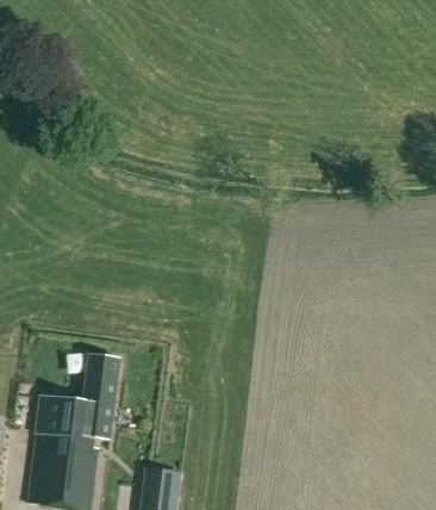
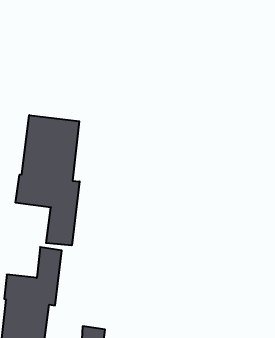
building: none -> [16,115,80,245]

